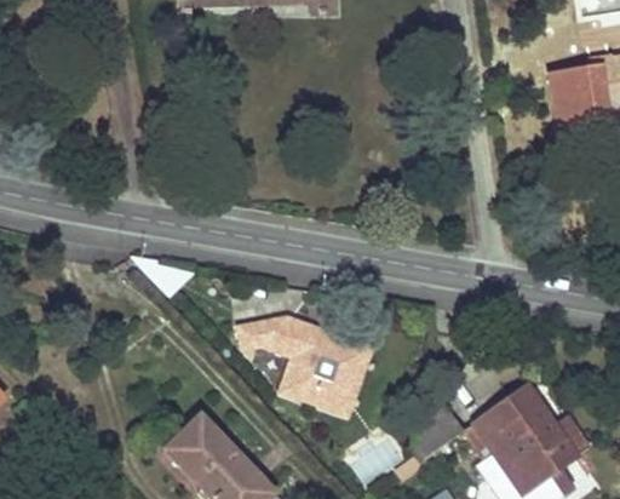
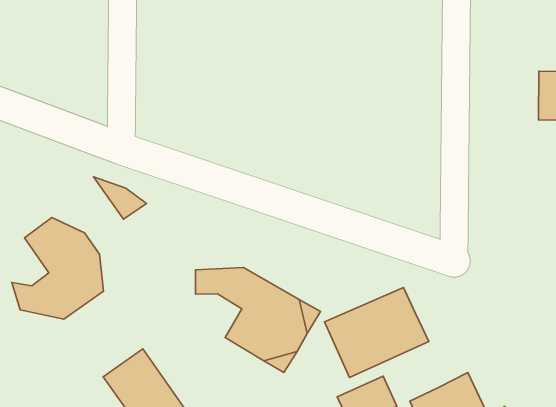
building: none -> [12,218,104,319]
building: none -> [325,287,429,377]

